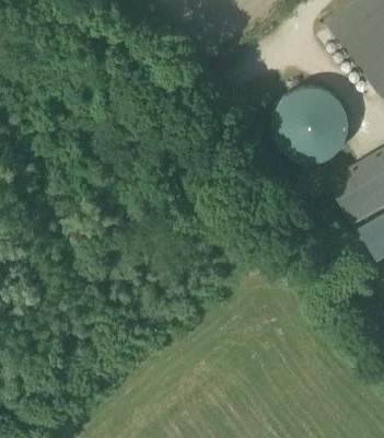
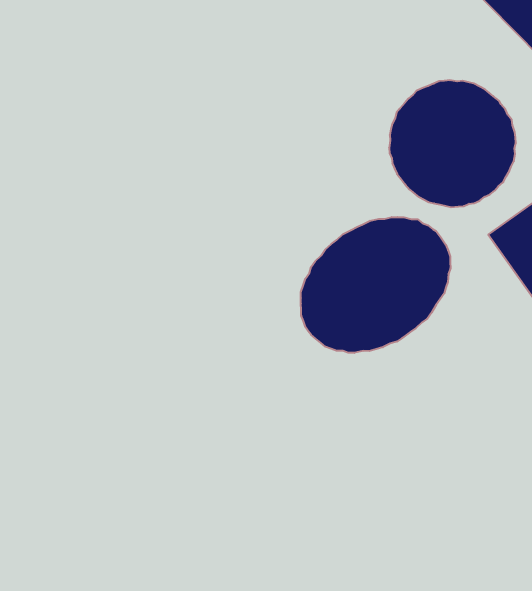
building: none -> [301,217,450,353]

